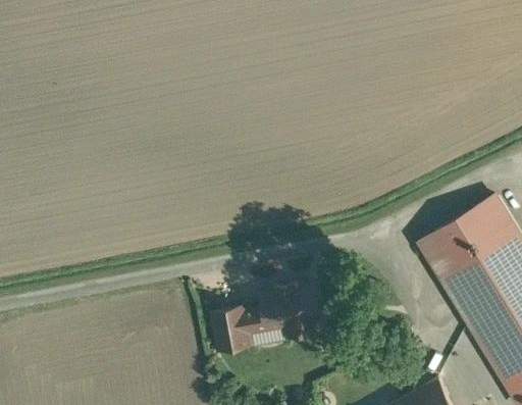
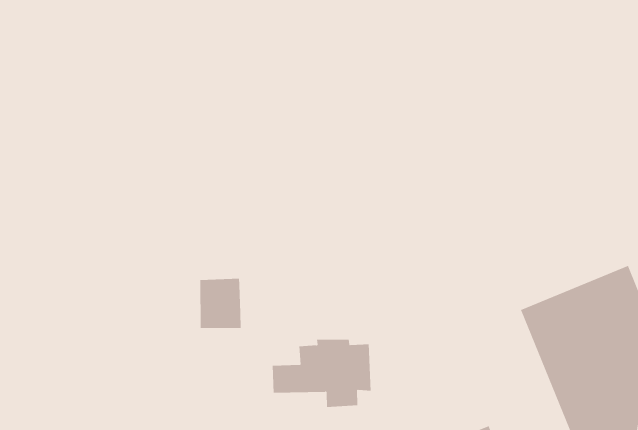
building: [213,309,250,351] -> [199,278,242,328]

